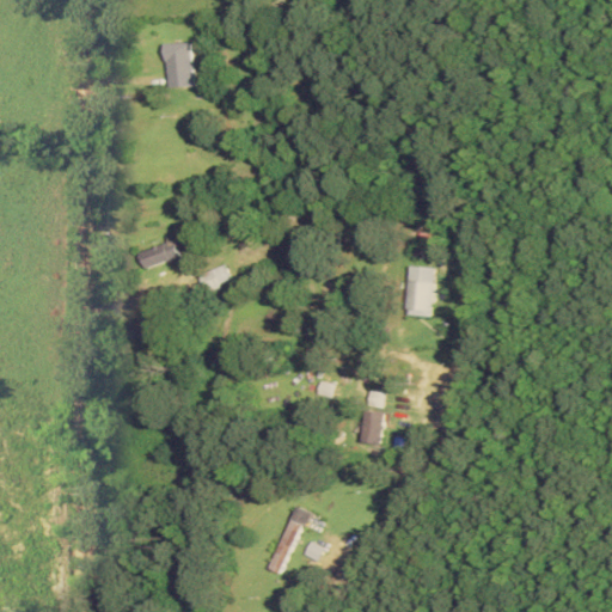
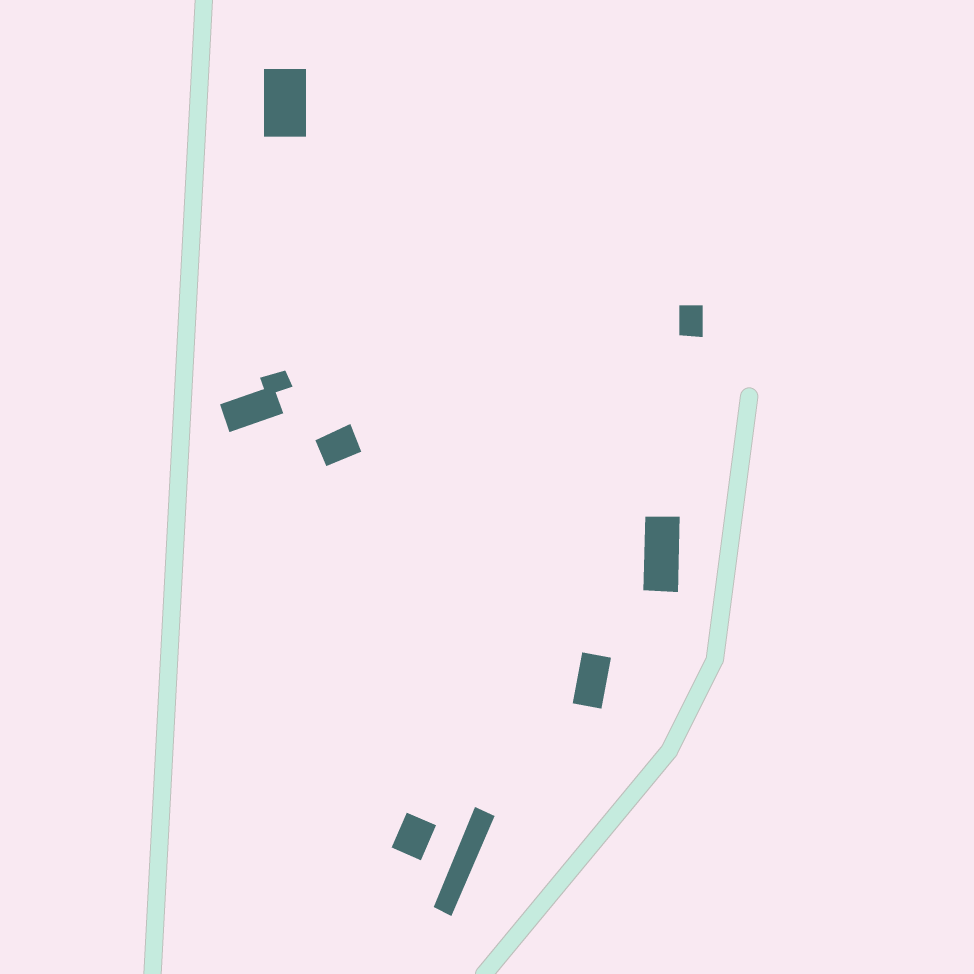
building: [406,267,430,314] -> [643,516,681,592]
building: none -> [391,812,437,861]

